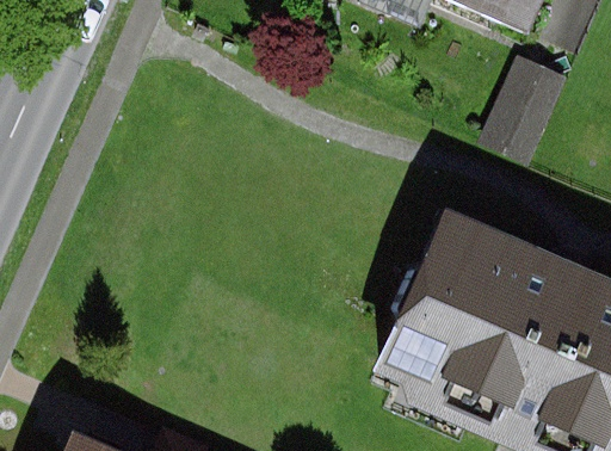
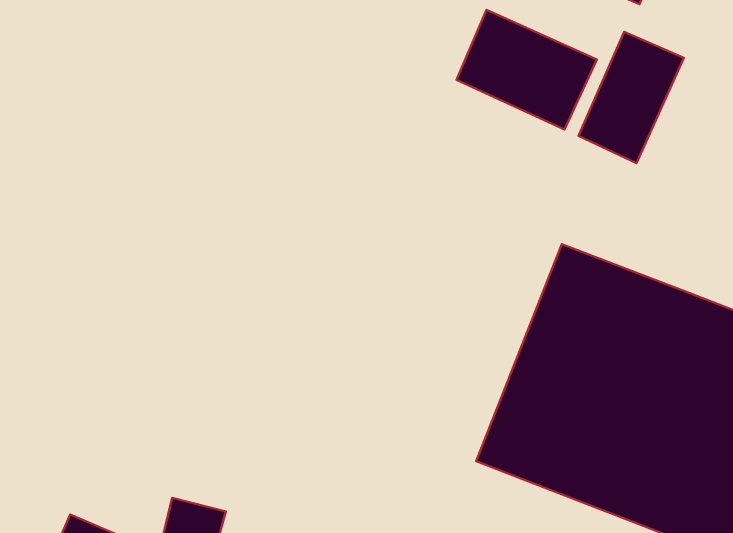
building: none -> [457,10,597,129]

